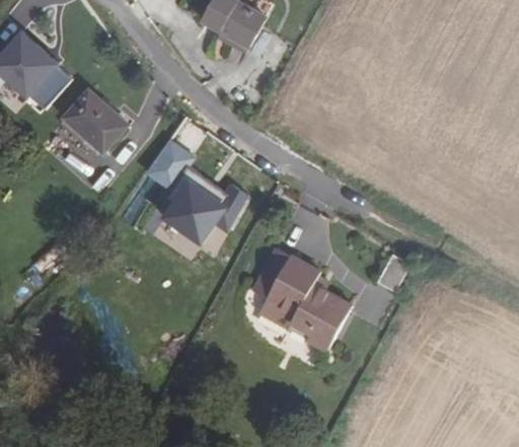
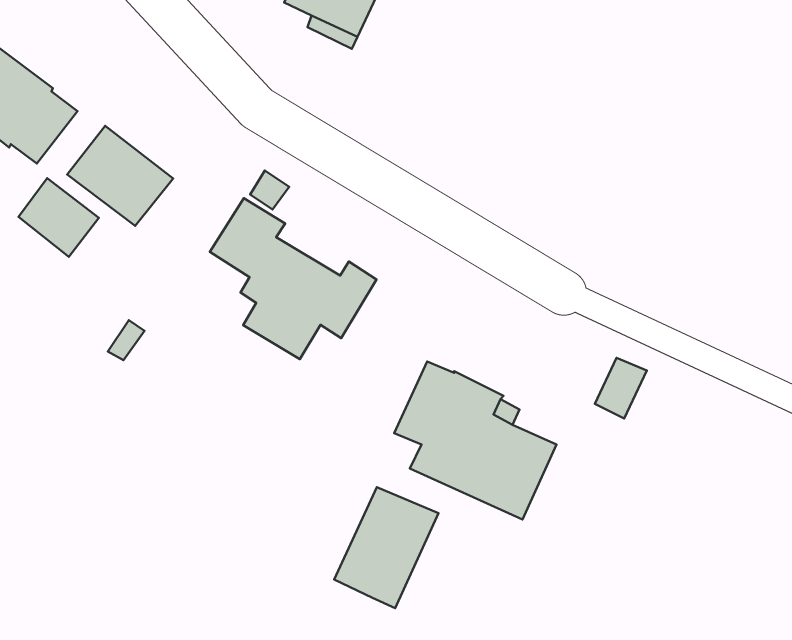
building: none -> [18,178,99,257]
building: none -> [334,487,439,608]

